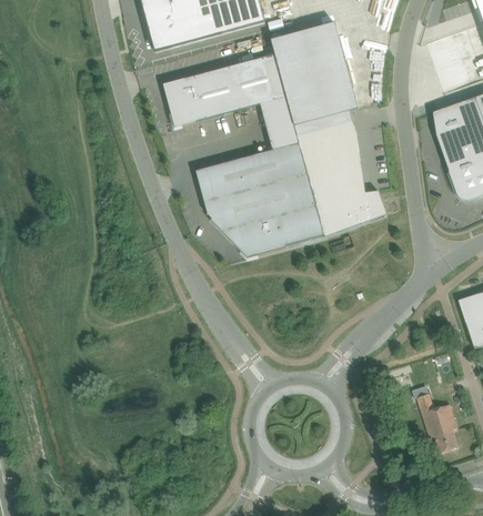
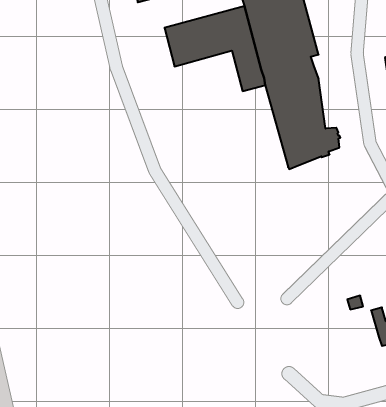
building: [163,78,197,127] -> none
building: [197,142,324,257] -> none

